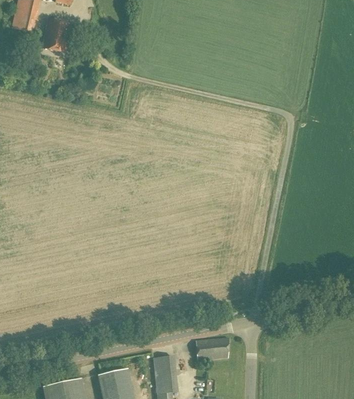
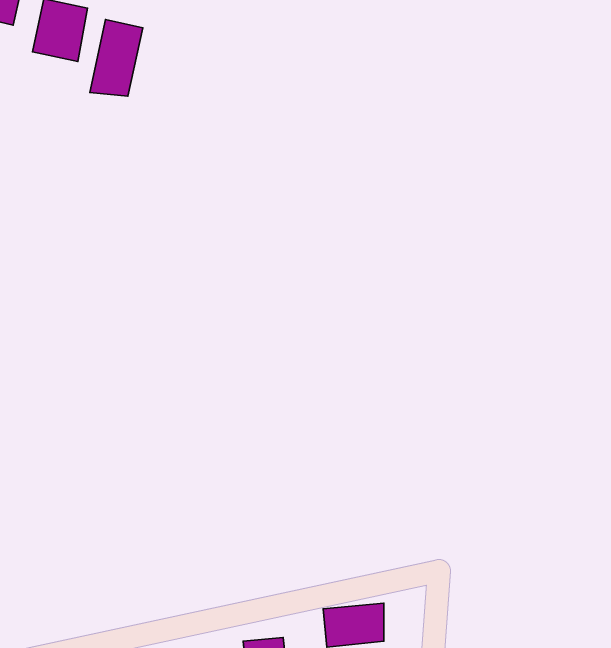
building: none -> [90,19,143,96]

